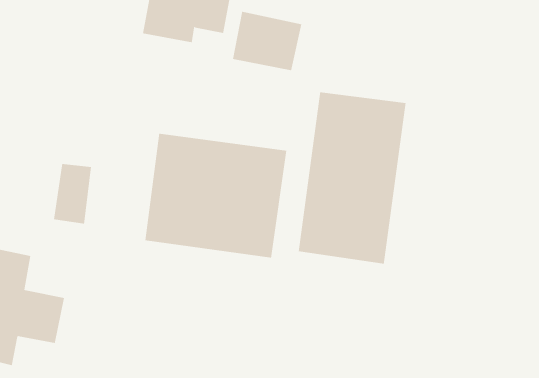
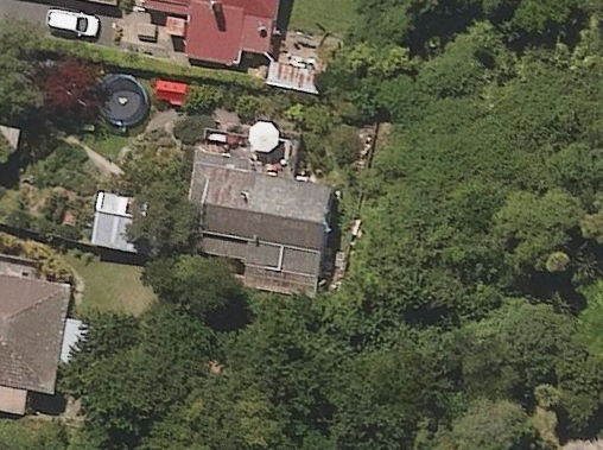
building: [298,91,406,265] -> none

